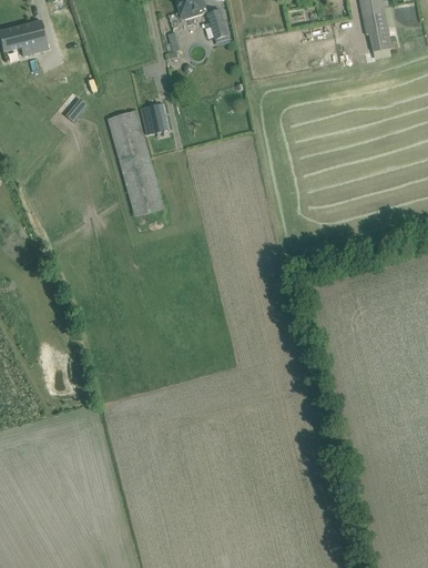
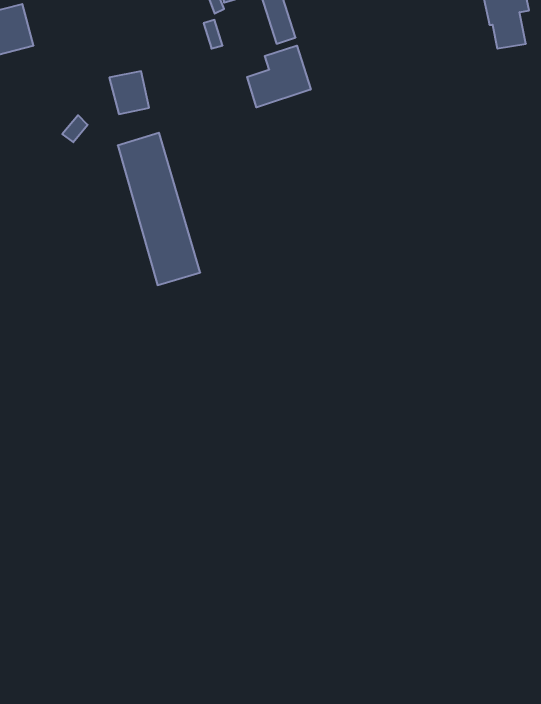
building: none -> [247,46,311,107]
building: [140,103,167,133] -> [109,71,149,114]

